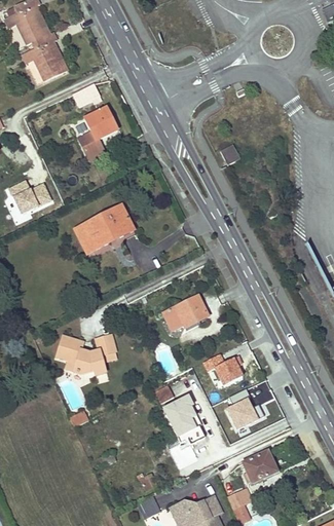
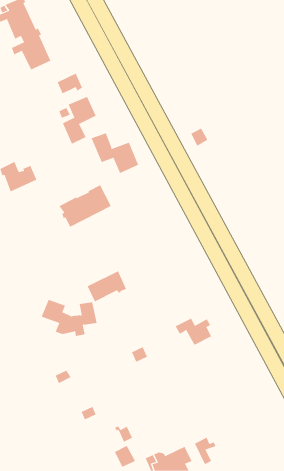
building: none -> [91,132,139,174]
building: [163,295,208,330] -> [87,270,127,302]
building: [225,387,263,426] -> none
building: [162,394,203,443] -> none
building: [243,451,276,482] -> none

